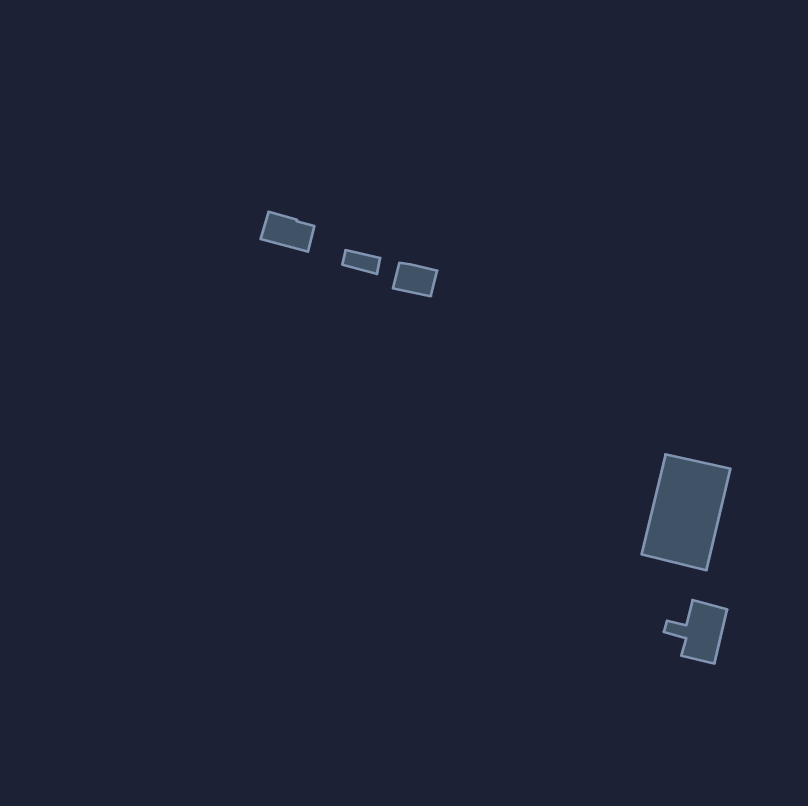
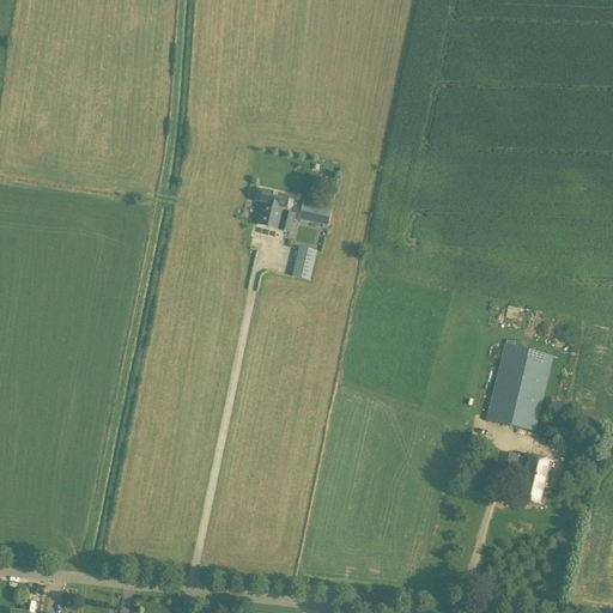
building: [261,212,314,252] -> [254,202,295,232]
building: none -> [291,245,316,279]

